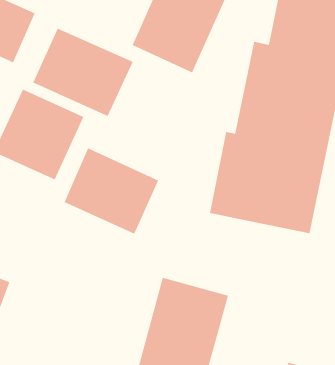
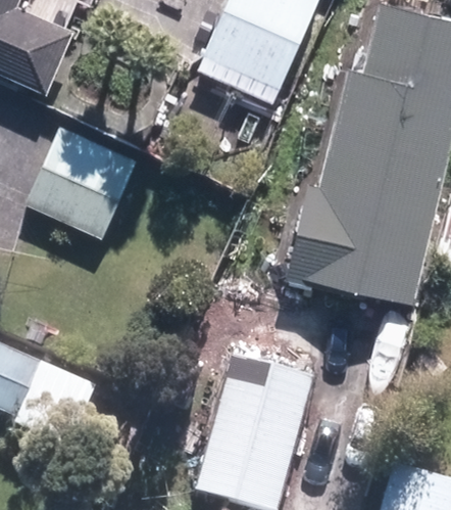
building: [32,28,133,117] -> none
building: [64,148,159,235] -> none

